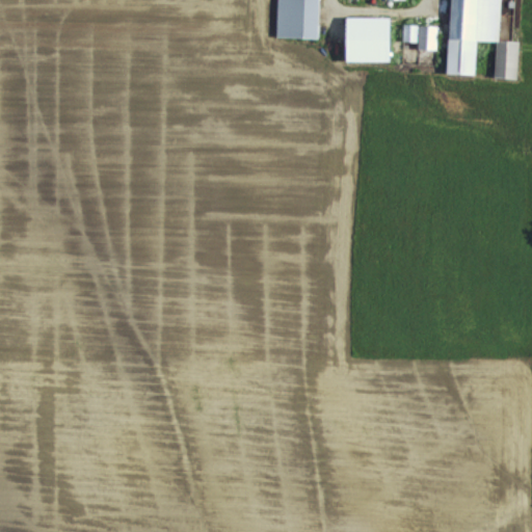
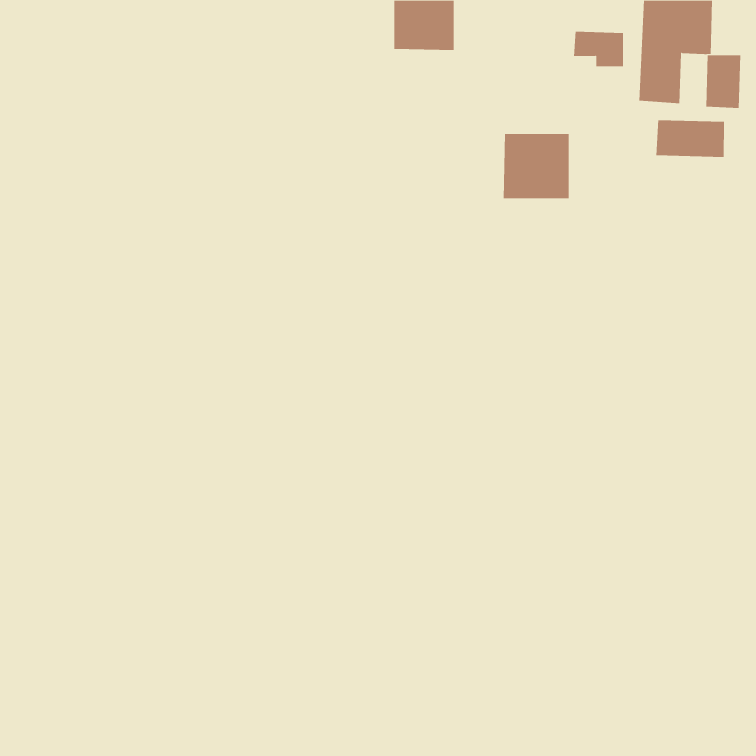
building: [345,16,392,61] -> [503,134,570,199]
building: none -> [656,119,725,158]

